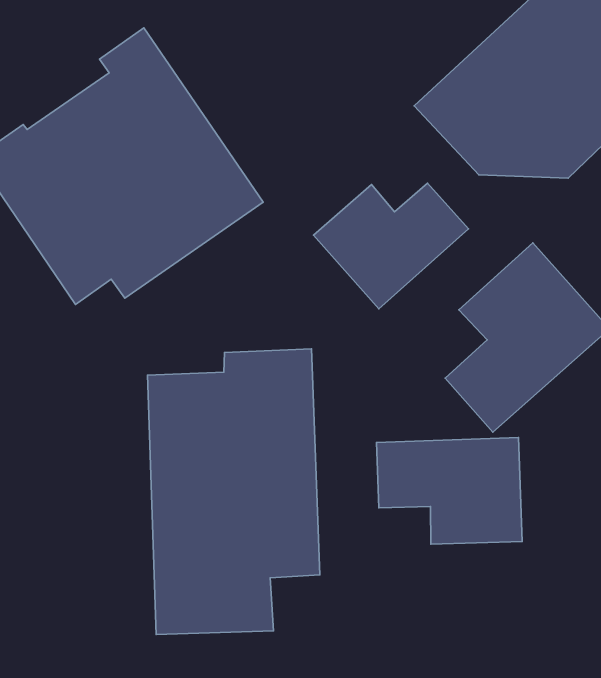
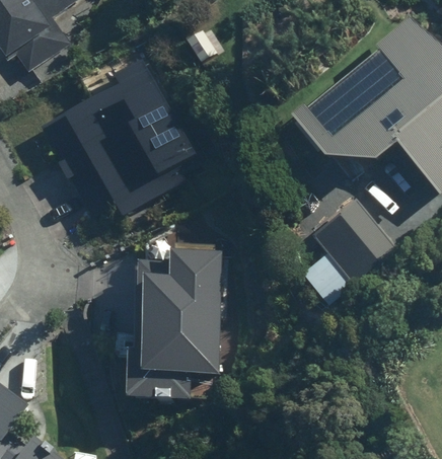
building: [314,183,469,309] -> none
building: [376,438,522,544] -> none

